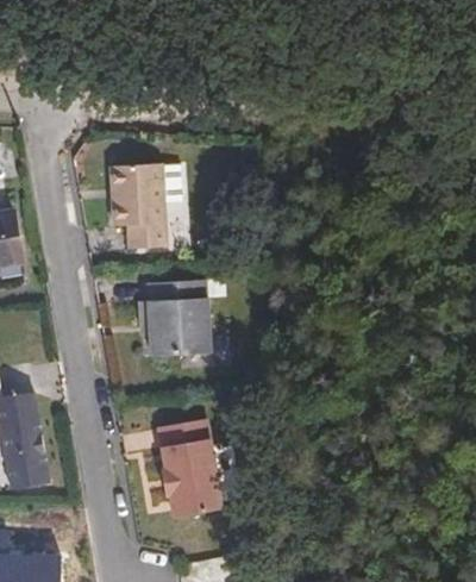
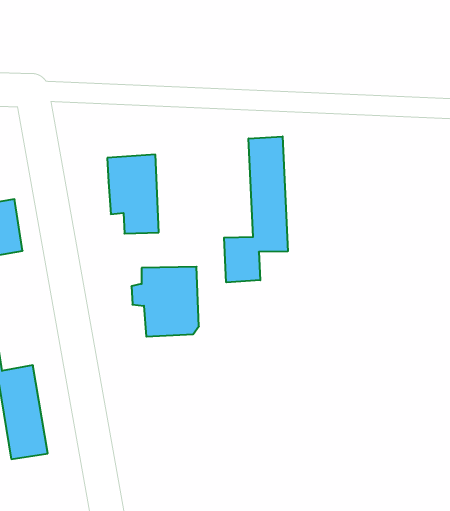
building: none -> [224,136,288,282]
building: [158,423,220,518] -> none

